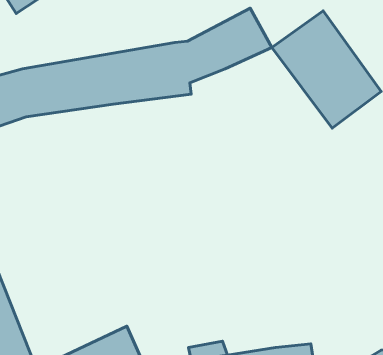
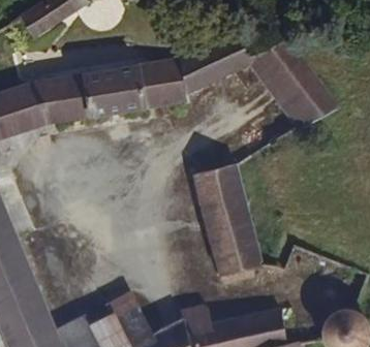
building: none -> [199,164,264,275]

